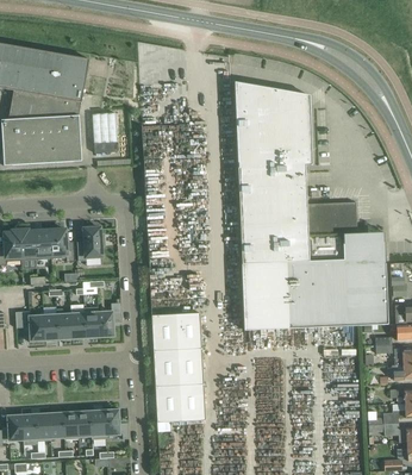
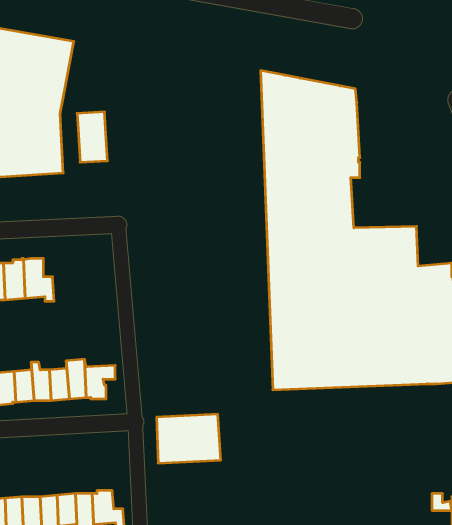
building: [82,225,104,257] -> none
building: [150,313,200,351] -> none
building: [154,385,204,423] -> none

